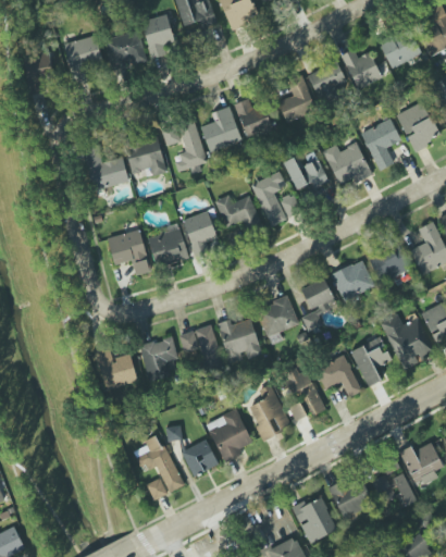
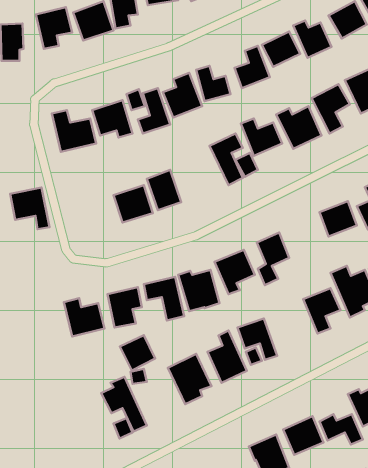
building: [215,195,260,232] -> none
building: [108,230,150,274] -> [10,188,50,229]
building: [330,259,374,301] -> none
building: [315,355,362,397] -> none
building: [181,438,219,476] -> [120,335,155,371]

